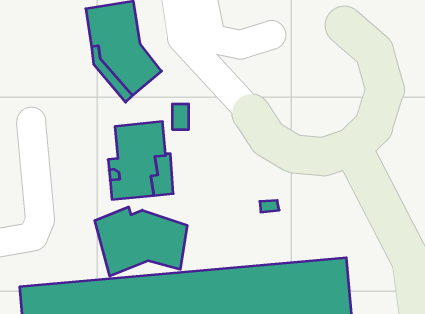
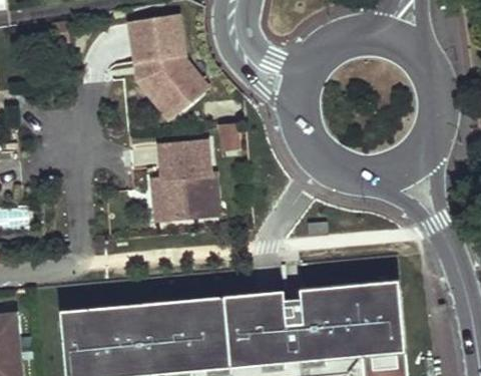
building: [95,207,187,276] -> none

